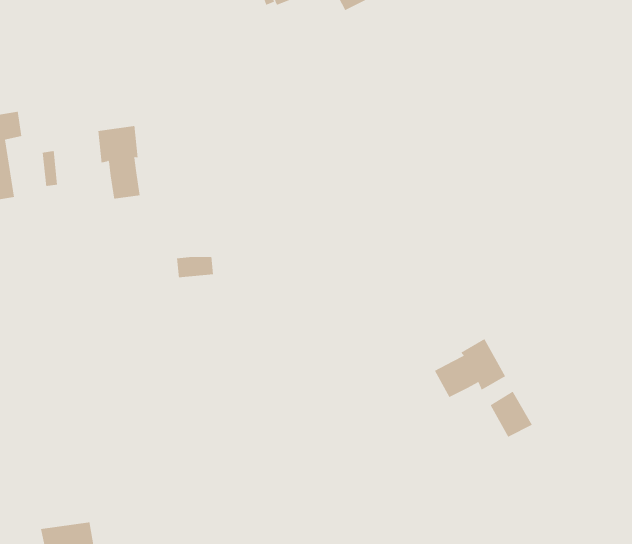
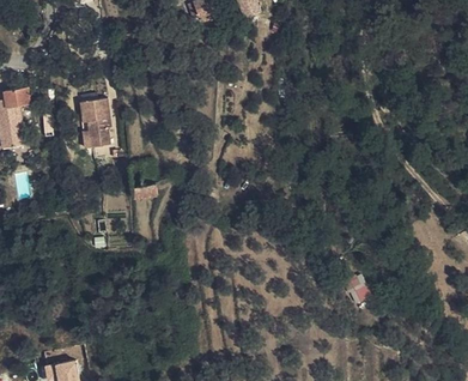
building: [434,338,506,398] -> none

